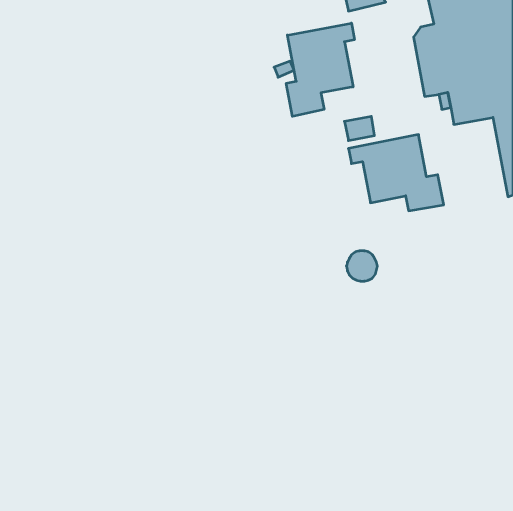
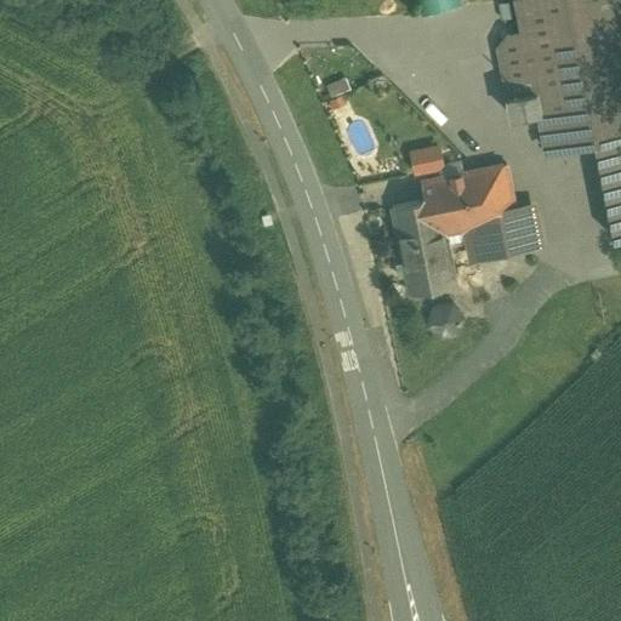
building: [286,23,354,116] -> none
building: none -> [393,195,456,292]

